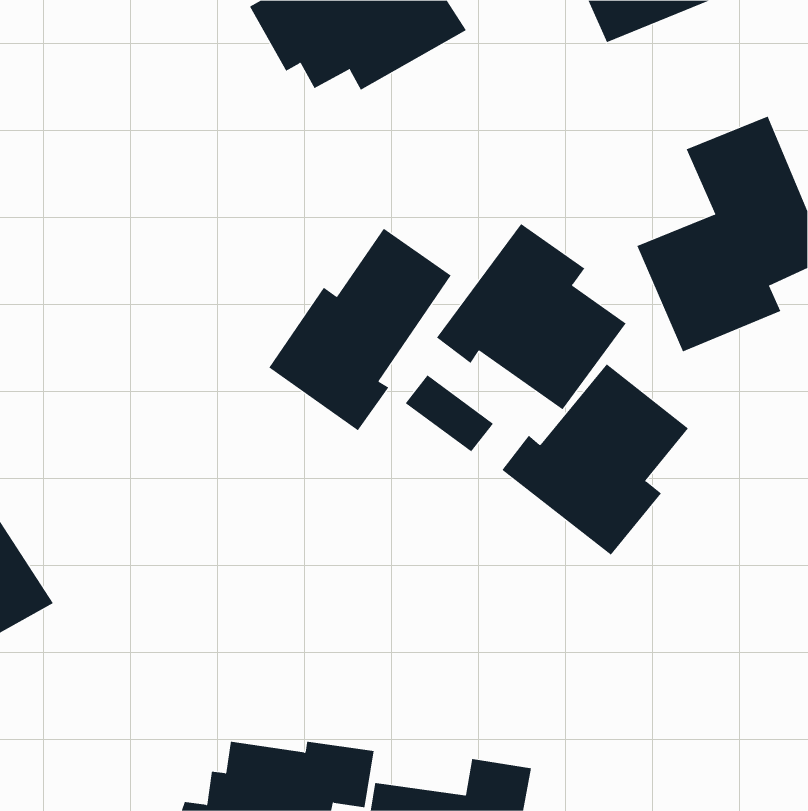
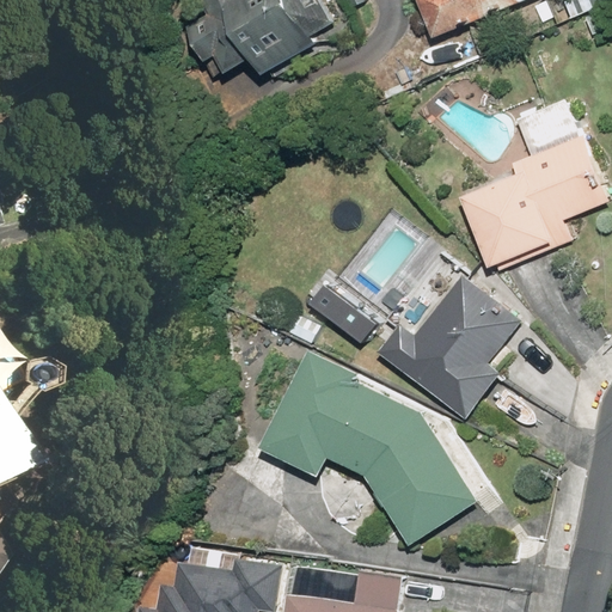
building: [436,223,627,410] -> none
building: [269,228,451,431] -> none
building: none -> [251,351,476,549]

